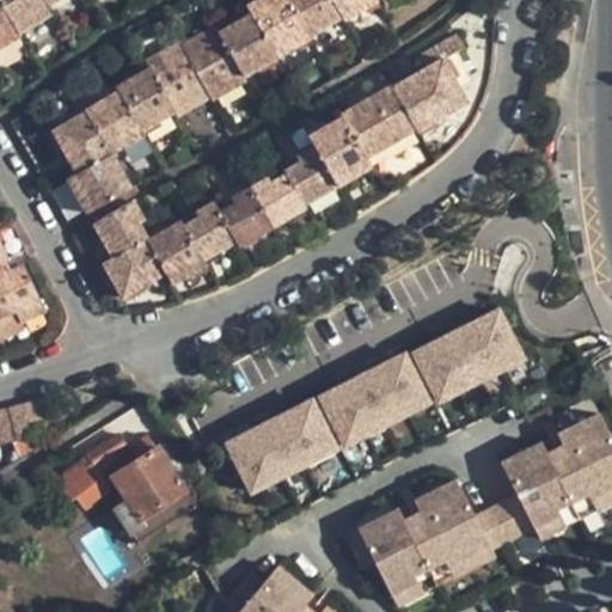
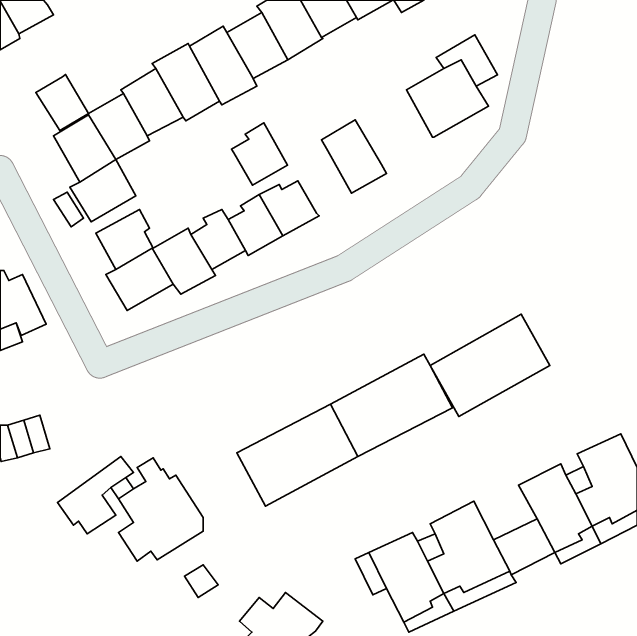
building: none -> [36,75,89,130]
building: [338,86,415,159] -> none
building: [283,146,337,206] -> [231,123,287,185]

